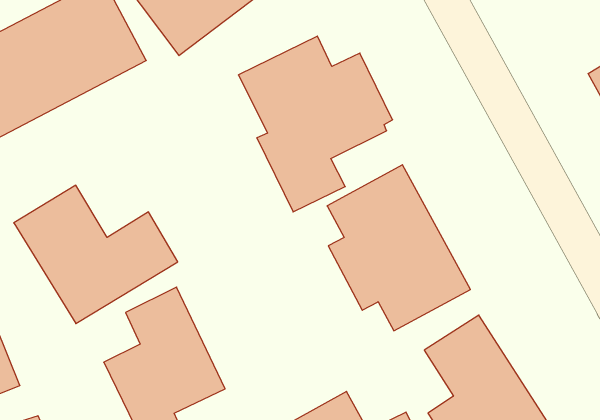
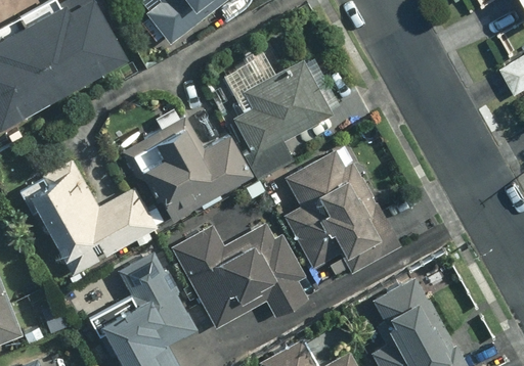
building: none -> [119,109,254,231]
building: none -> [170,216,310,332]

